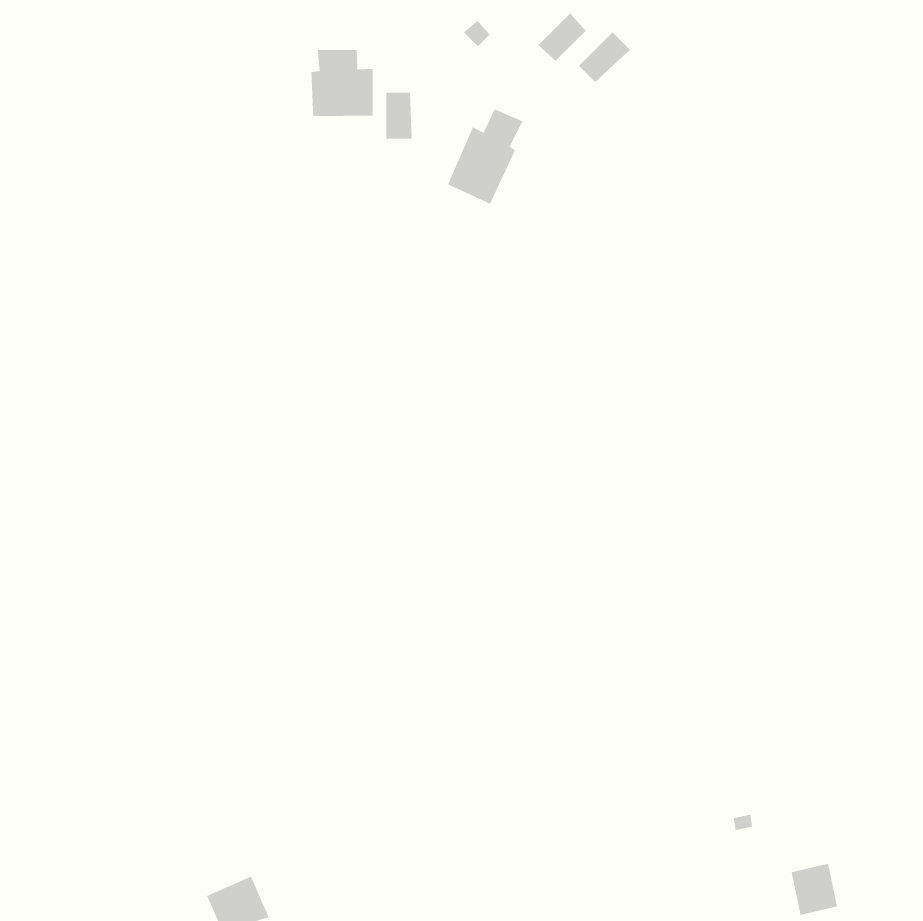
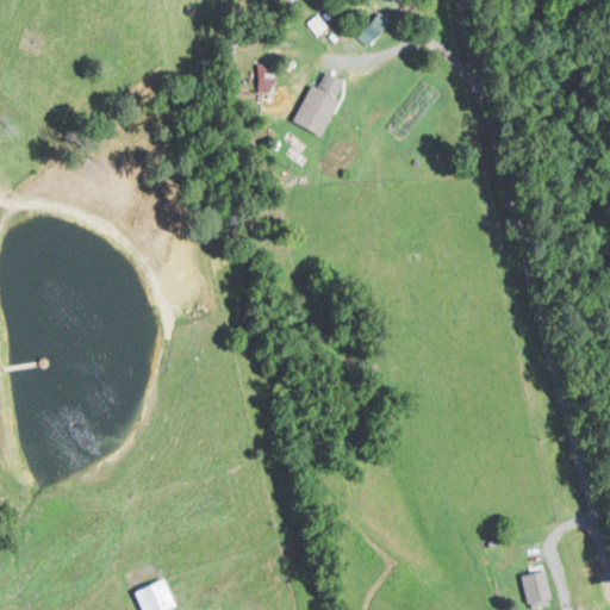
building: [578,31,631,83] -> none
building: [311,49,373,117] -> none

